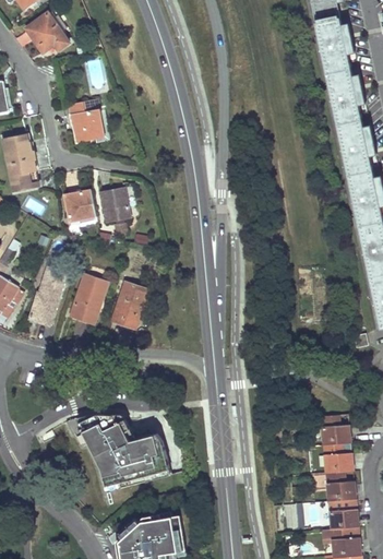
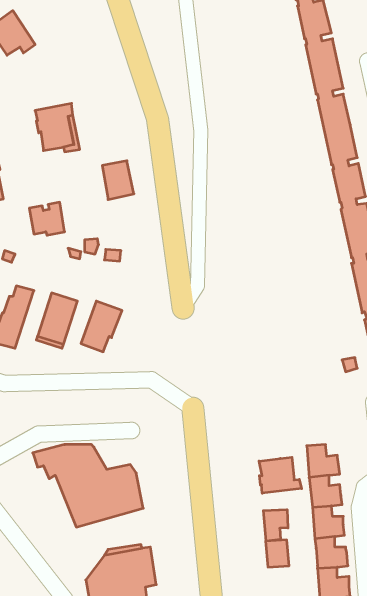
building: [101,187,131,223] -> [102,161,134,200]
building: none -> [259,457,302,493]
building: none -> [263,510,288,541]

